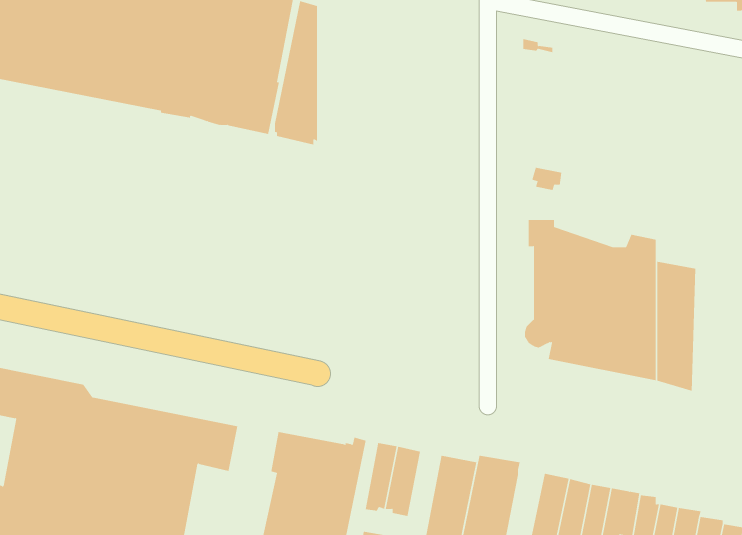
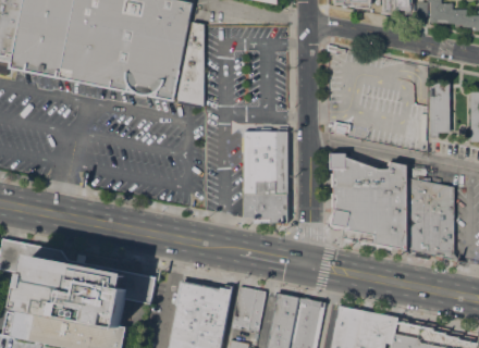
building: none -> [429,83,449,137]
building: none -> [243,129,286,219]
building: none -> [428,182,453,260]

